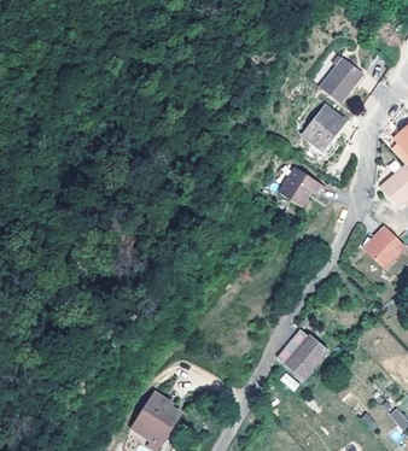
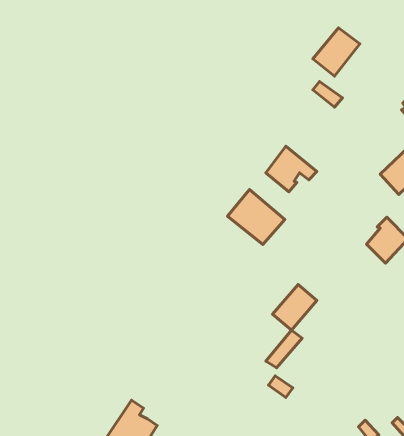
building: [302,113,338,148] -> none
building: none -> [228,190,285,245]
building: [286,336,326,377] -> [273,285,317,330]

